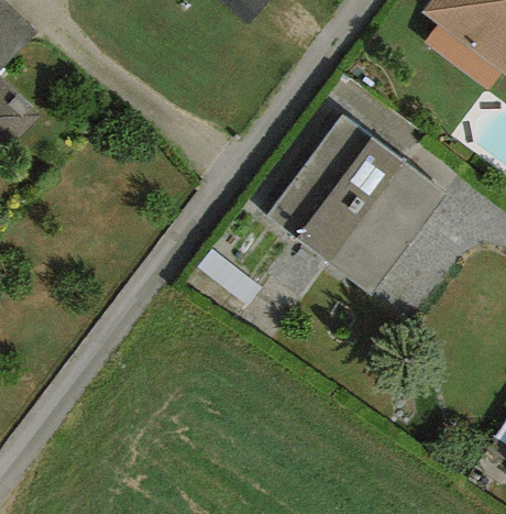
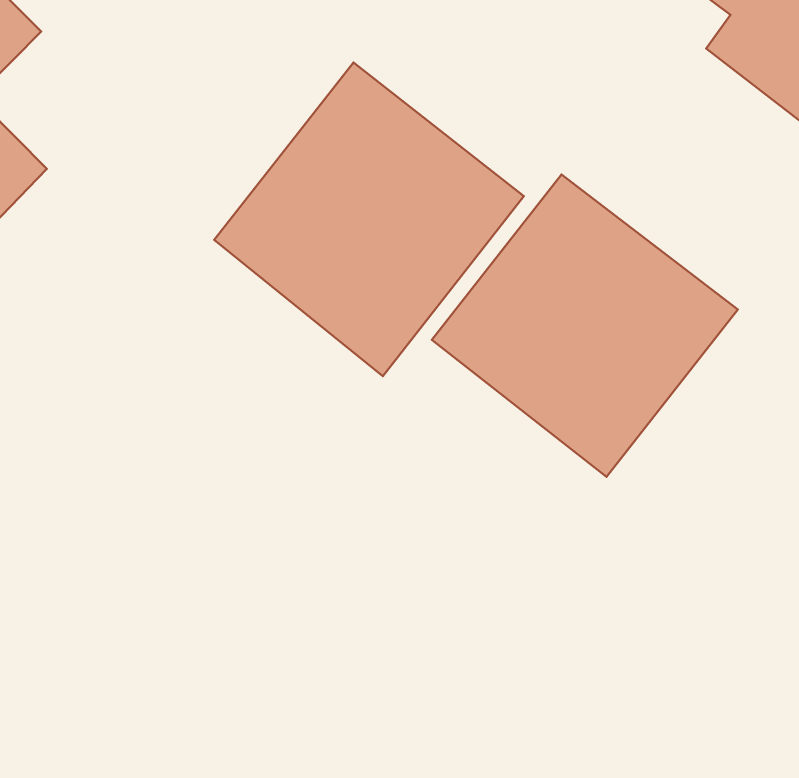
building: none -> [214,62,524,376]

